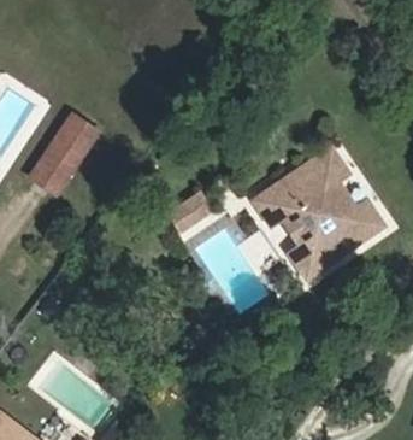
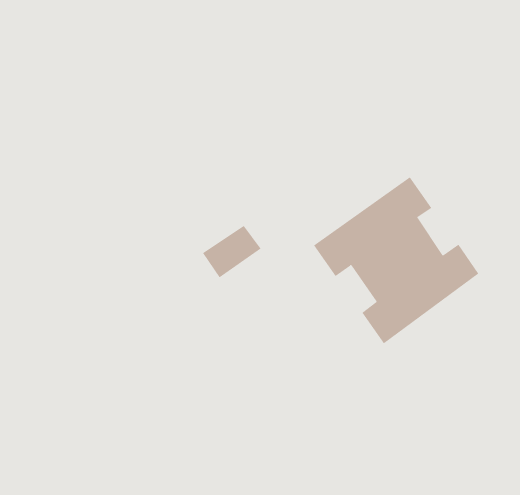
building: [24,116,101,198] -> none

